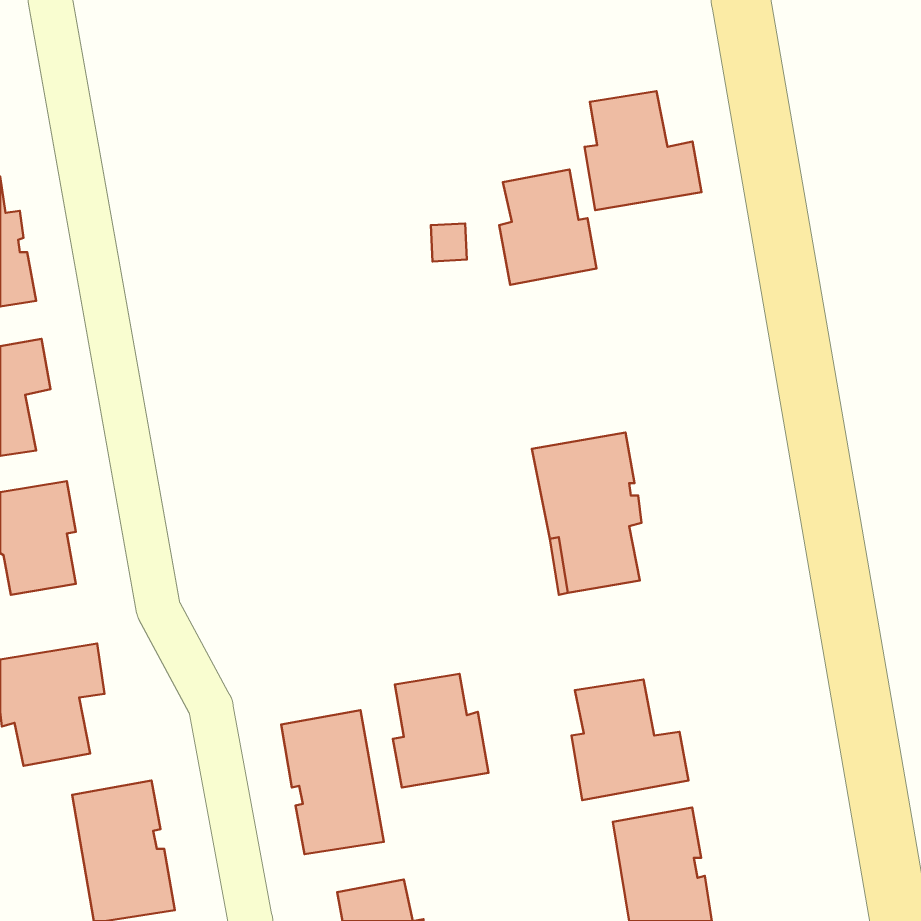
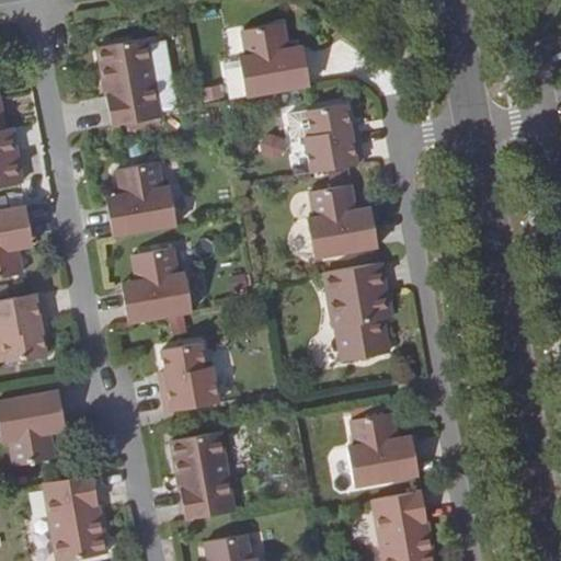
building: none -> [98,38,160,127]
building: [584,91,702,210] -> [239,24,310,96]
building: none -> [107,161,176,237]
building: none -> [307,185,378,257]
building: none -> [123,248,192,322]
building: [393,674,488,787] -> [160,343,218,412]

